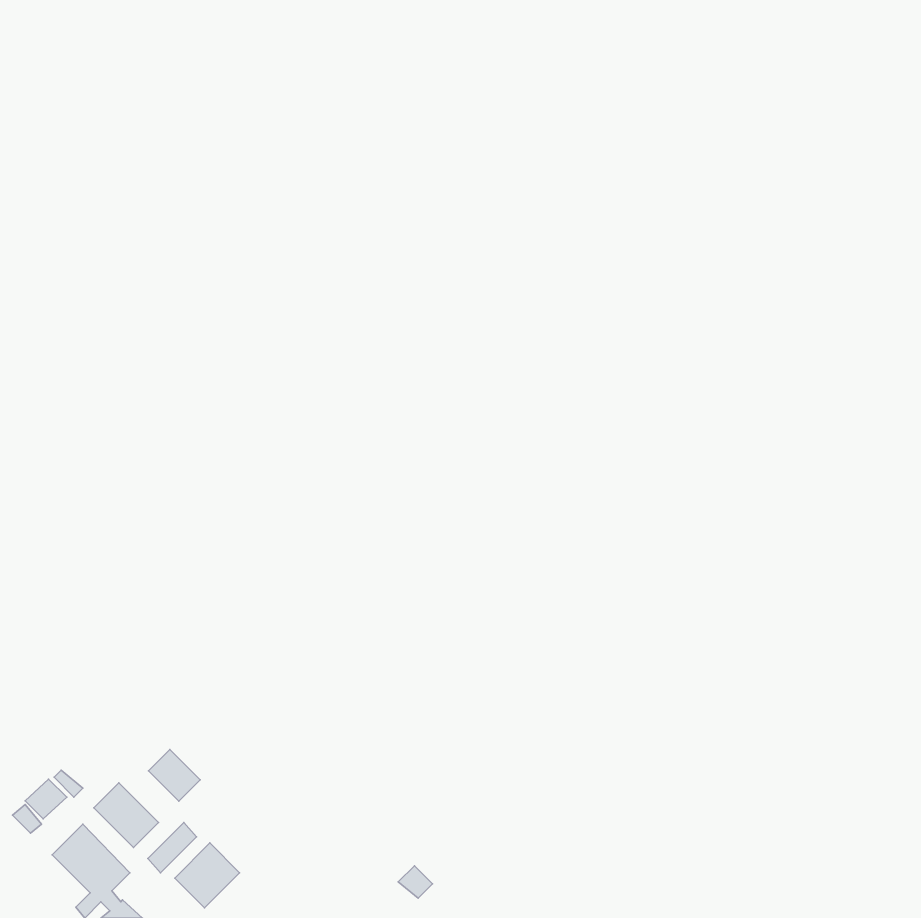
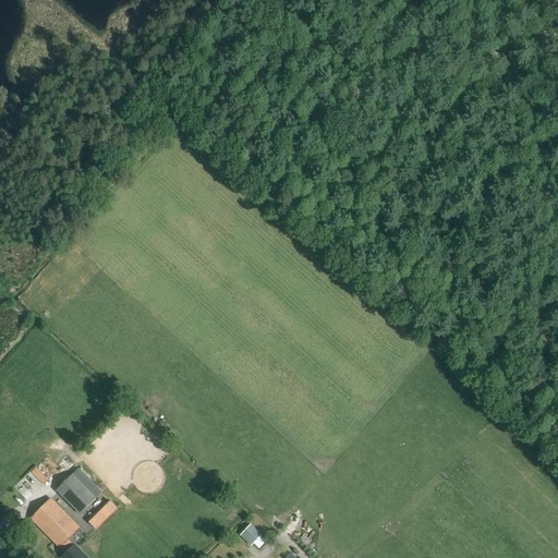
building: [148,749,200,801] -> none
building: [175,843,240,908] -> none

